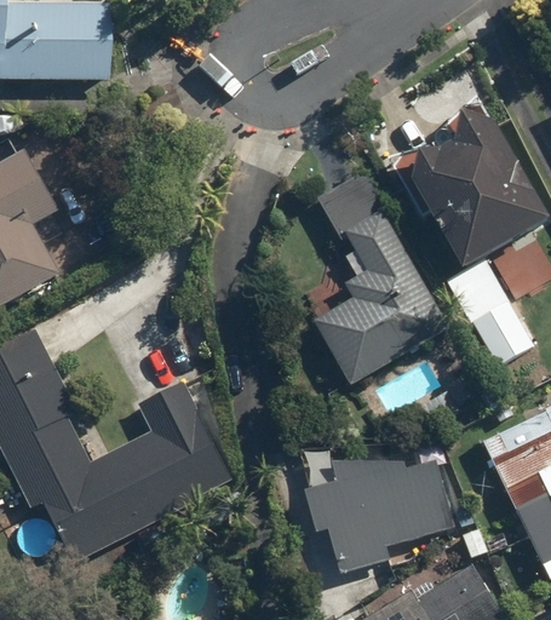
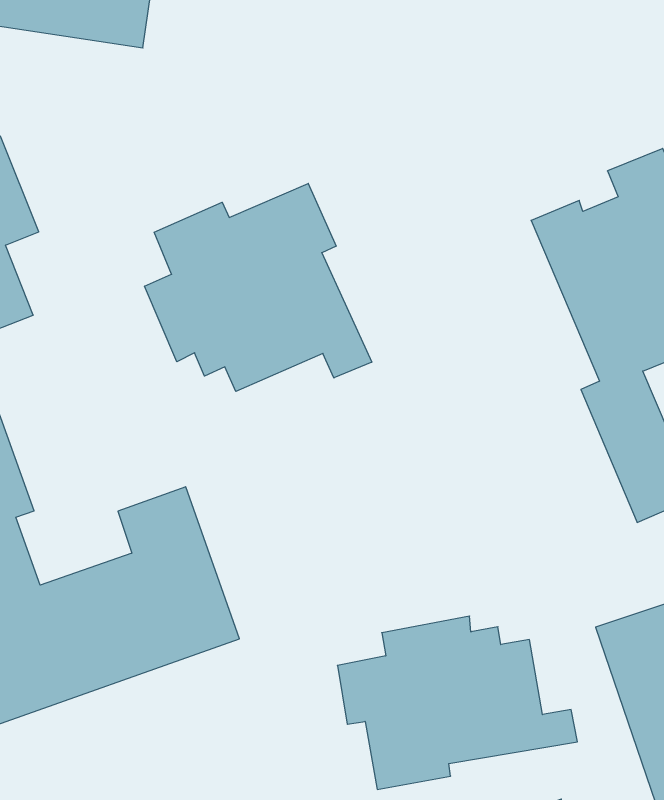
building: none -> [145,183,372,391]
building: [310,171,455,389] -> none

